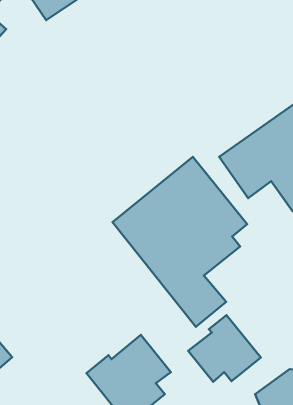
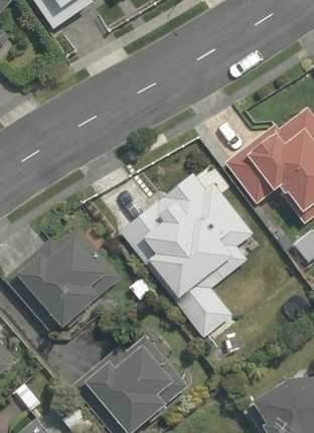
building: none -> [22,229,121,326]
building: [188,315,261,382] -> none

